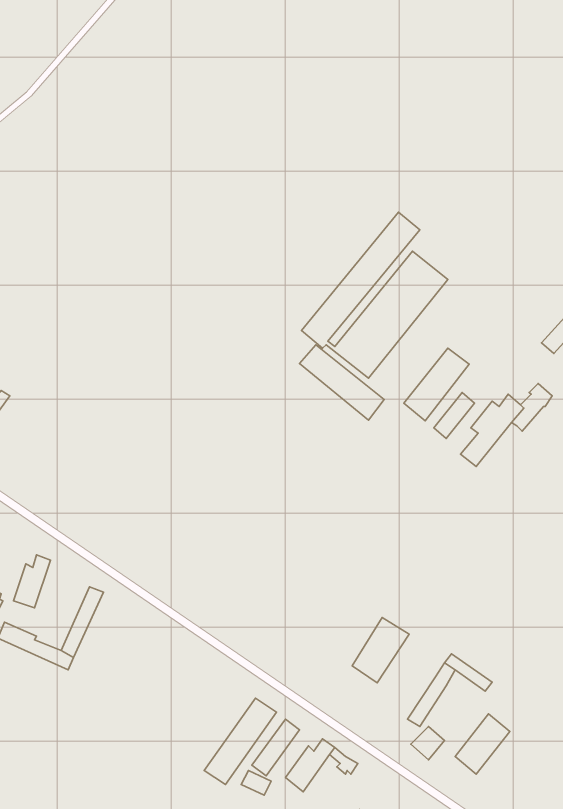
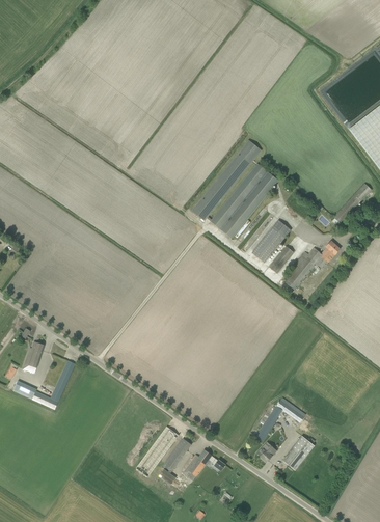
building: [300,345,384,420] -> none
building: [352,617,409,683] -> none

